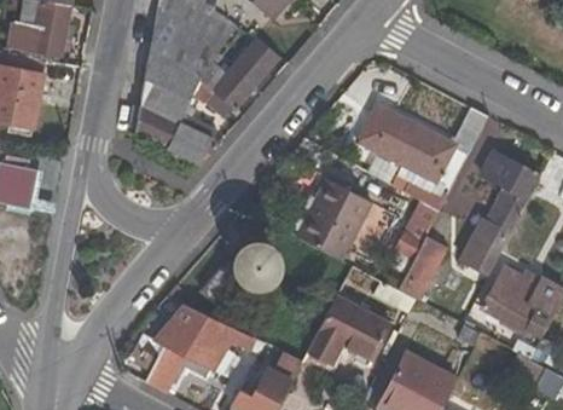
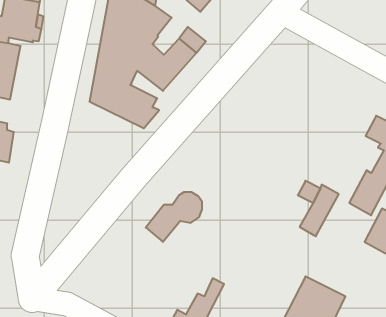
building: [355,104,488,189] -> none
building: [296,178,375,261] -> none
building: [307,296,390,365] -> none
building: [145,305,253,394] -> none

